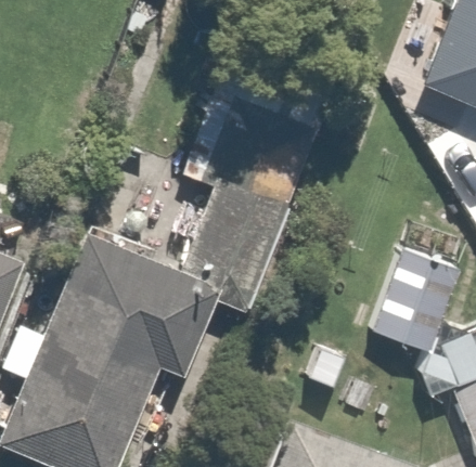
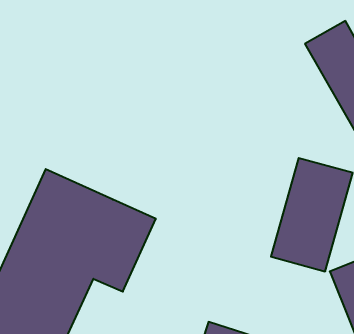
building: [173,154,309,324] -> none

